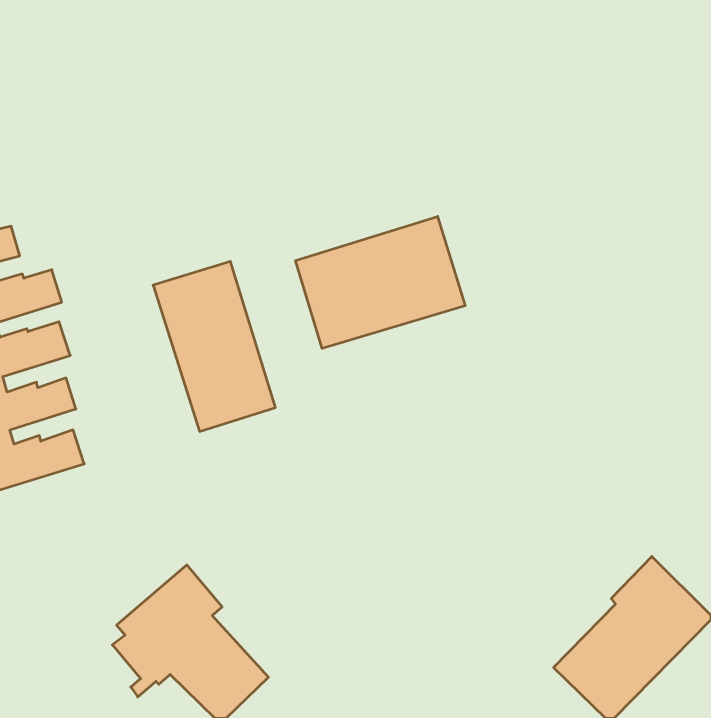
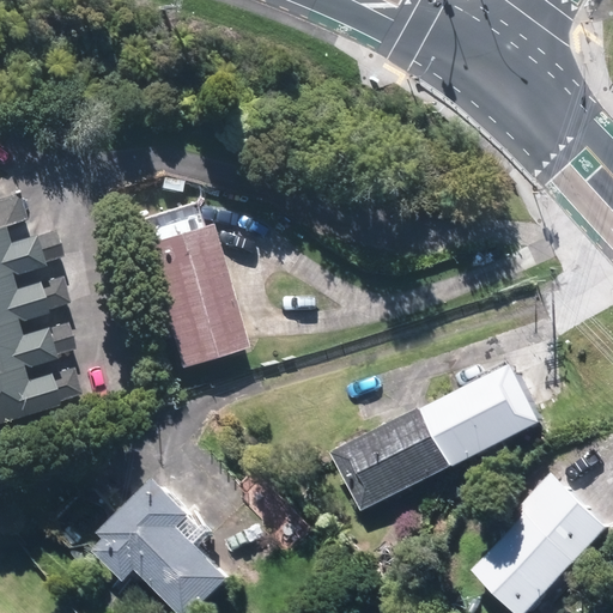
building: [296,216,465,348] -> none
building: none -> [332,364,542,510]

